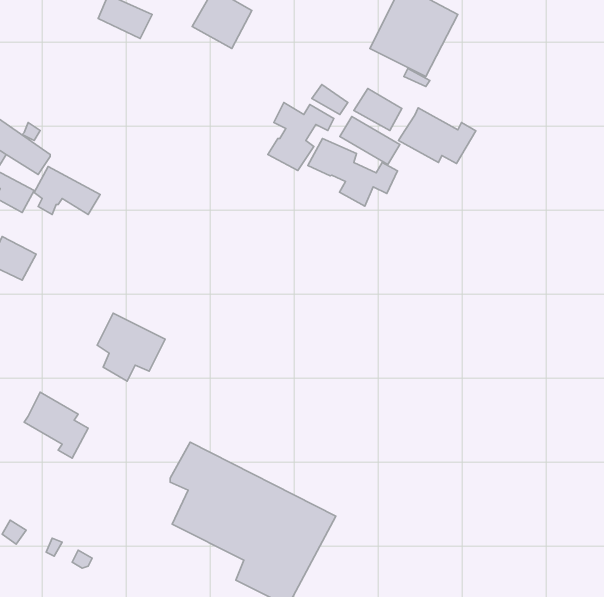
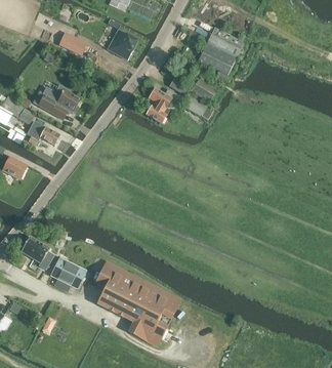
building: none -> [33,84,80,119]
building: [399,108,476,164] -> none
building: [308,138,397,206] -> none
building: [97,313,165,381] -> [51,256,86,291]

